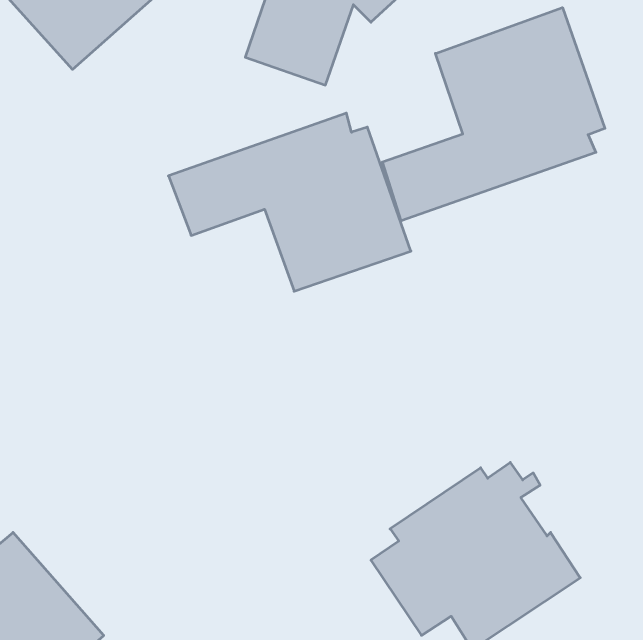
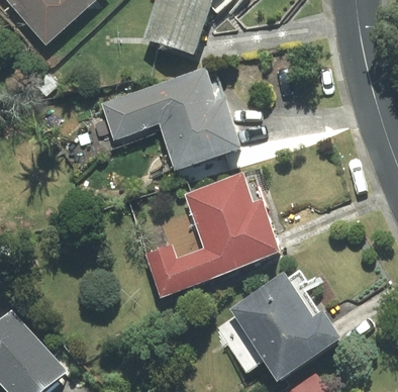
building: [382,8,605,221] -> none
building: none -> [145,174,278,296]

